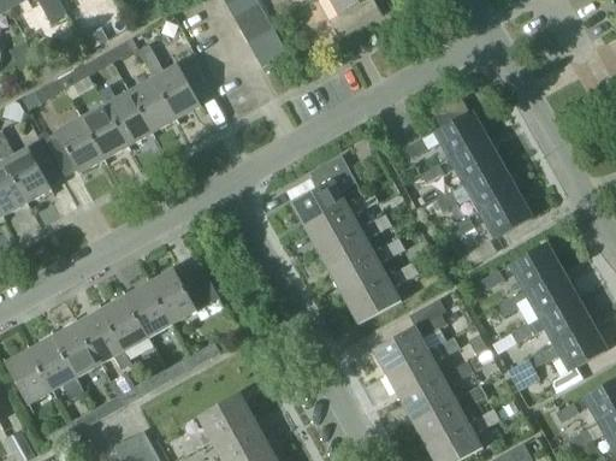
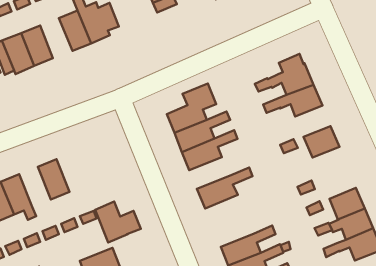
building: [97,85,153,146] -> none
building: [436,165,515,211] -> none
building: [331,237,404,299] -> none
building: [510,243,559,290] -> none
building: [149,267,214,324] -> [95,201,141,243]
building: [101,295,148,350] -> none
building: [373,299,445,373] -> none

